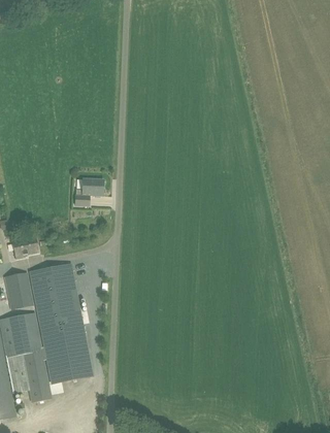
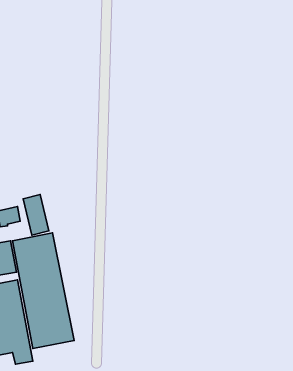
building: [75,177,103,205] -> none
building: none -> [23,195,49,235]

